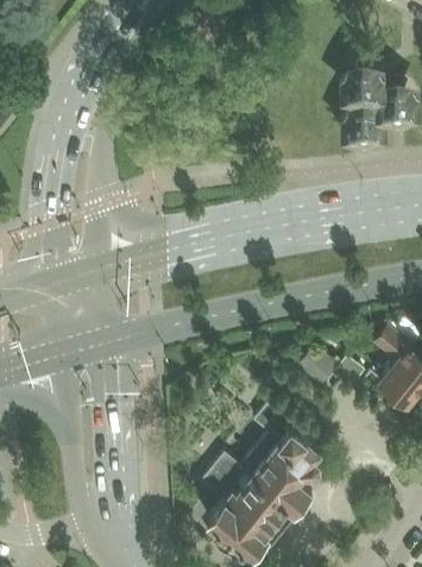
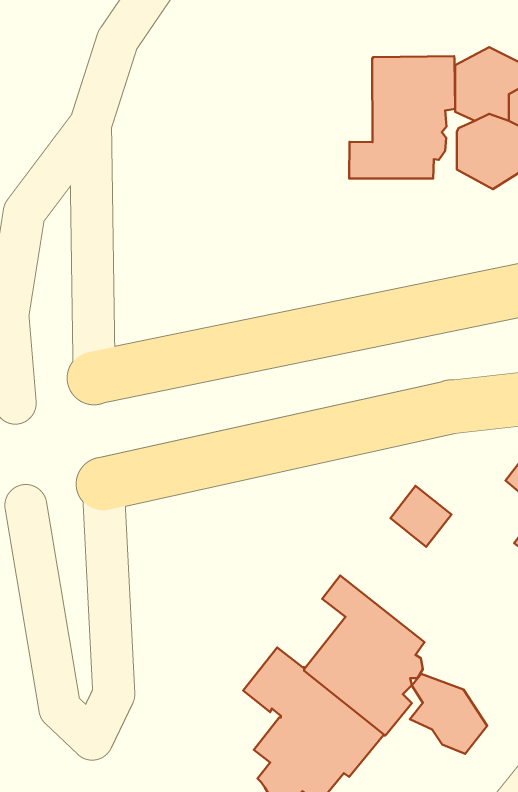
building: none -> [349,56,455,179]
building: none -> [410,674,487,754]

